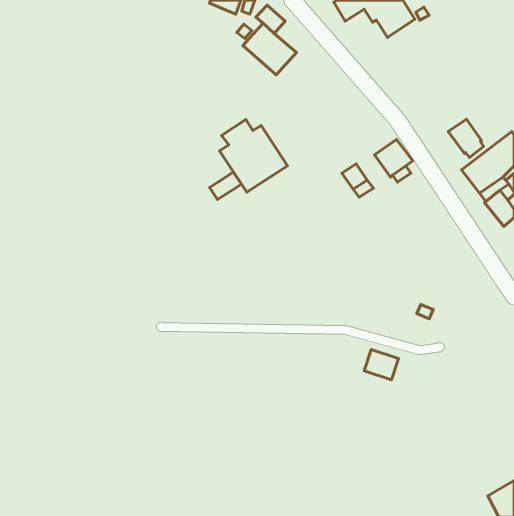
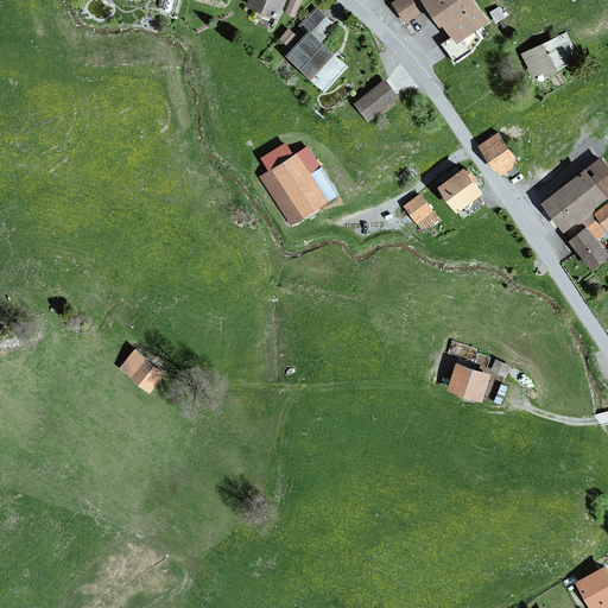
building: none -> [520,33,578,81]
building: none -> [357,82,398,121]
building: [448,119,484,158] -> [475,131,517,176]
building: [209,172,241,200] -> none
building: none -> [119,349,166,393]
building: [364,349,399,380] -> [449,362,489,398]

